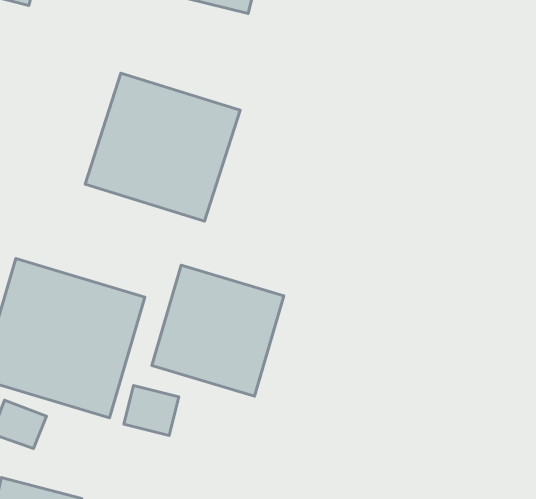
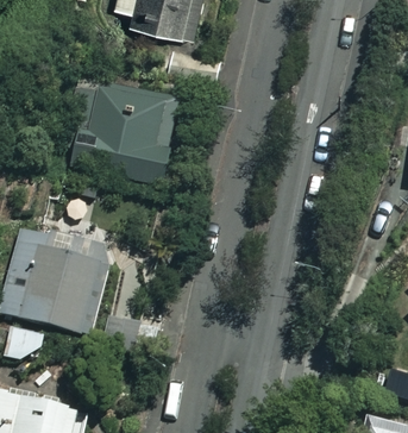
building: [152,265,284,396] -> none

